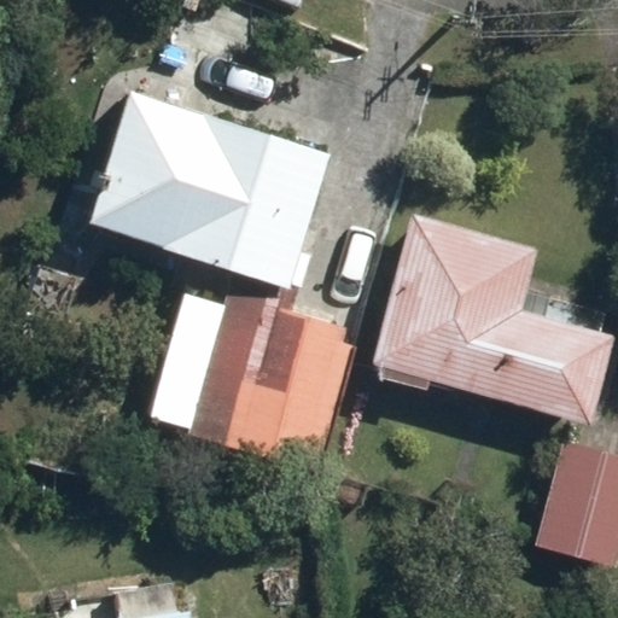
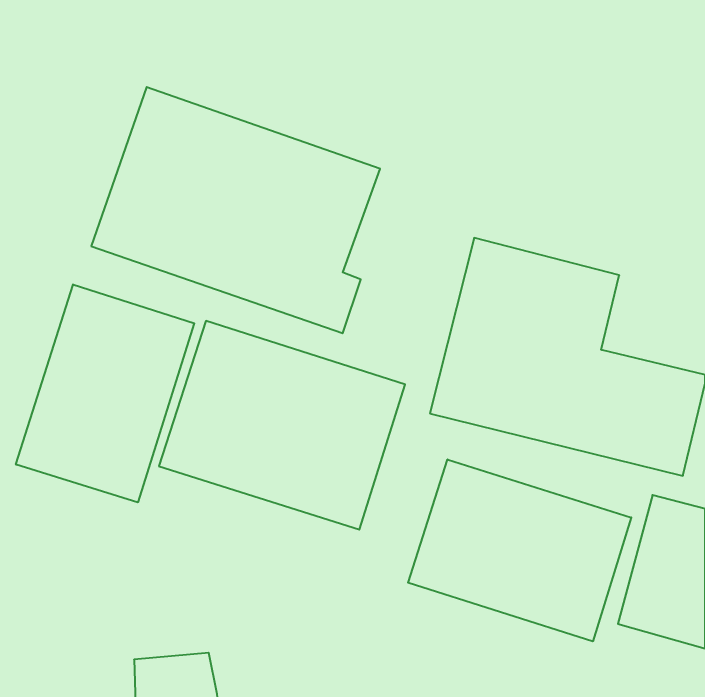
building: none -> [16,284,194,502]
building: none -> [408,459,631,641]

